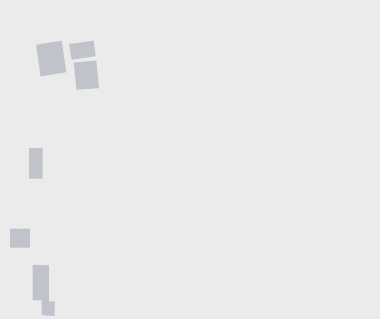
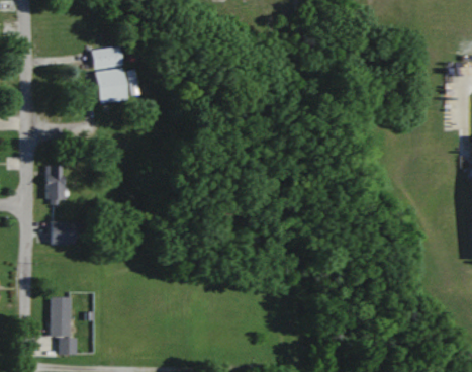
building: [36,40,67,77] -> none
building: [9,228,31,248] -> [51,221,75,244]

